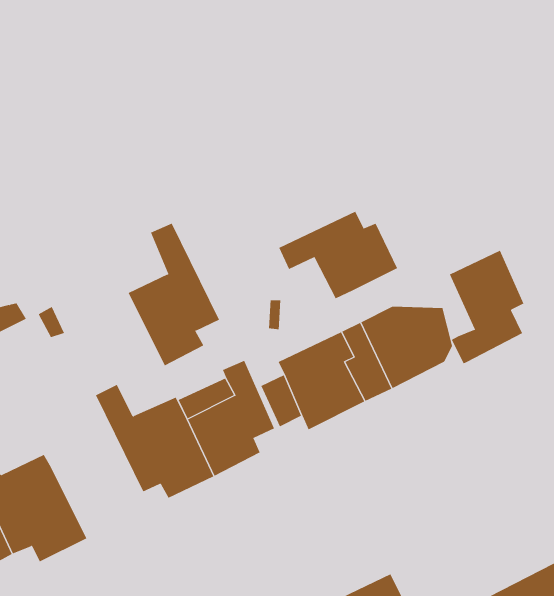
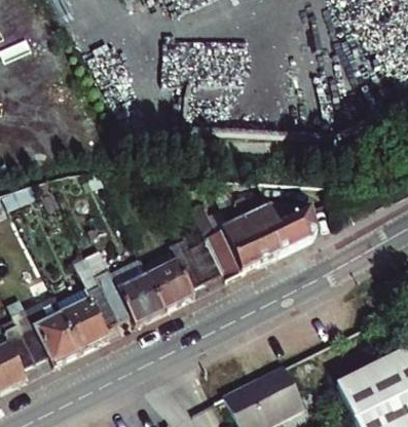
building: [278,211,398,299] -> none
building: [128,223,220,366] -> [61,259,120,351]
building: [449,250,524,364] -> none

